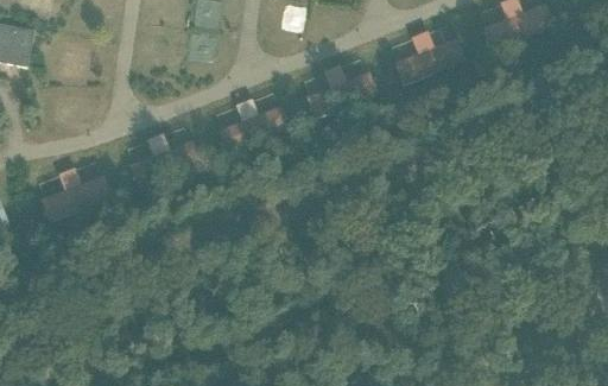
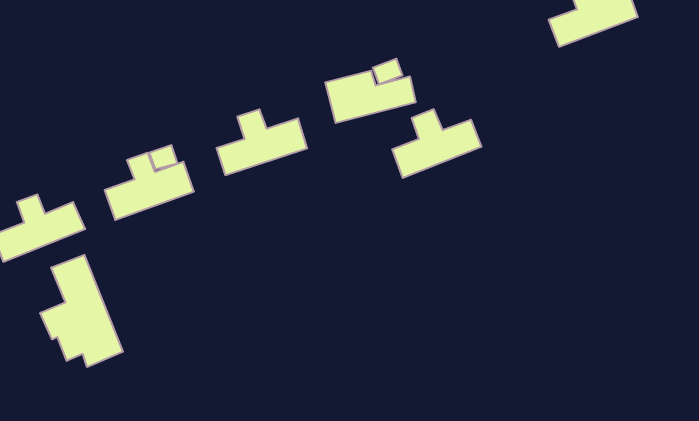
building: [393,30,464,84] -> [392,109,482,178]
building: none -> [40,255,123,367]

